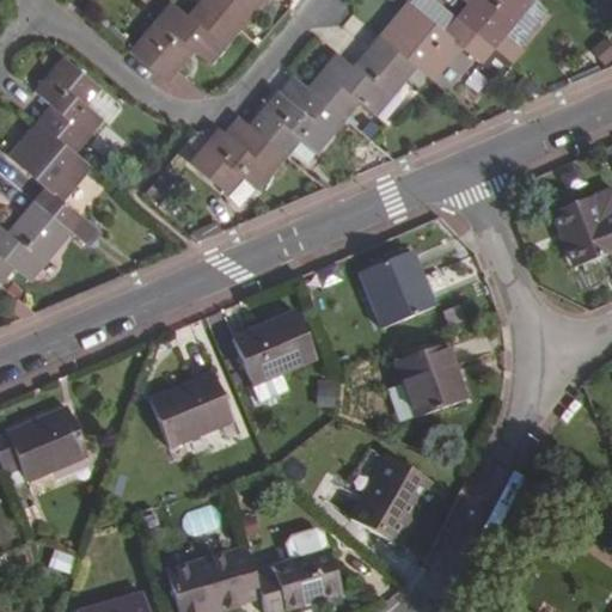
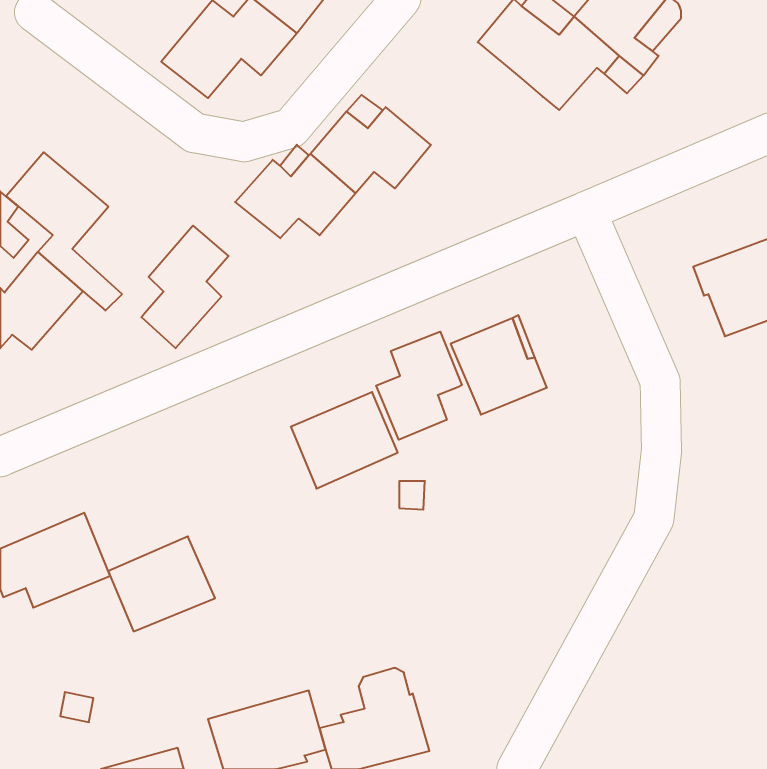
building: [308,33,416,115] -> none
building: [33,56,117,151] -> none
building: none -> [141,226,229,348]
building: none -> [376,332,462,440]
building: [396,343,469,418] -> none
building: [151,373,235,448] -> [108,536,215,631]
building: [350,455,433,545] -> none

